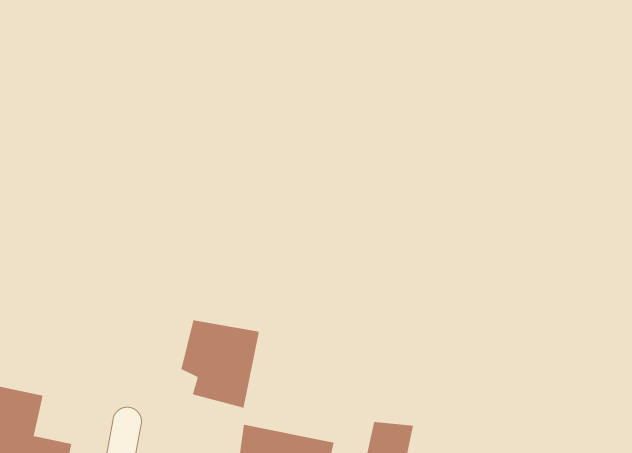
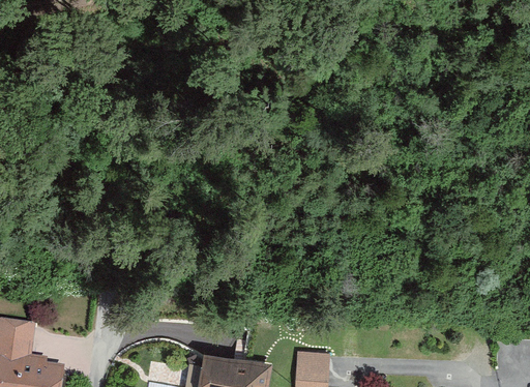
building: [181,320,259,408] -> none

